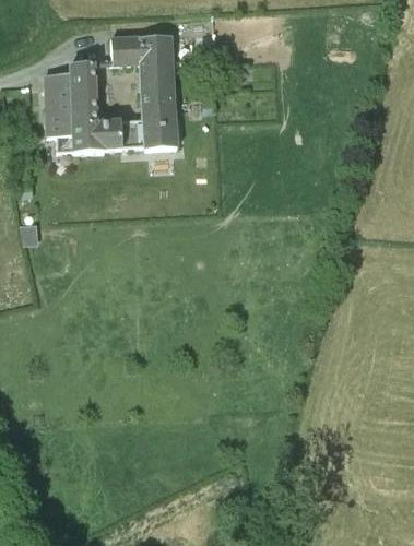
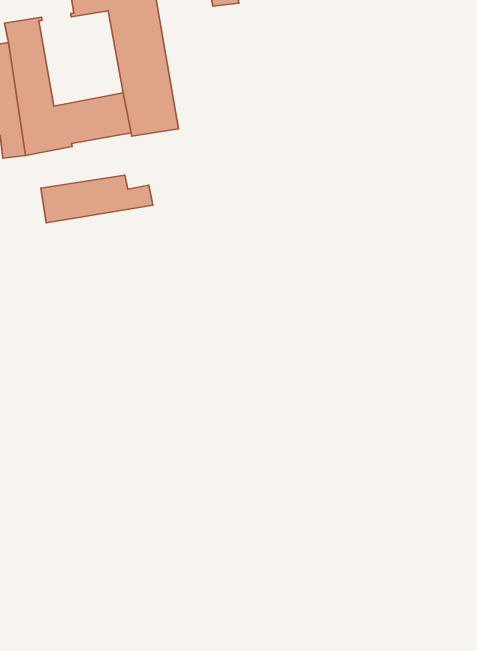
building: none -> [41,175,153,223]

